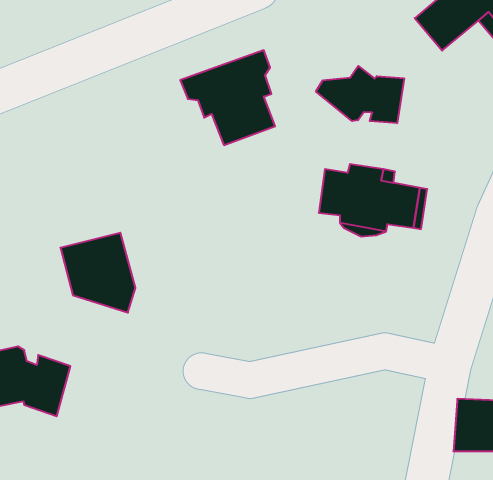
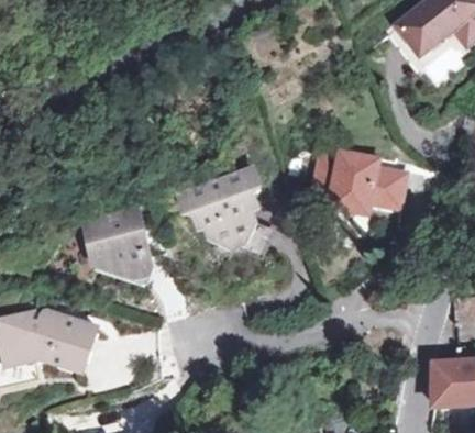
building: [180,50,275,145] -> [178,170,262,254]
building: [316,66,404,123] -> none

